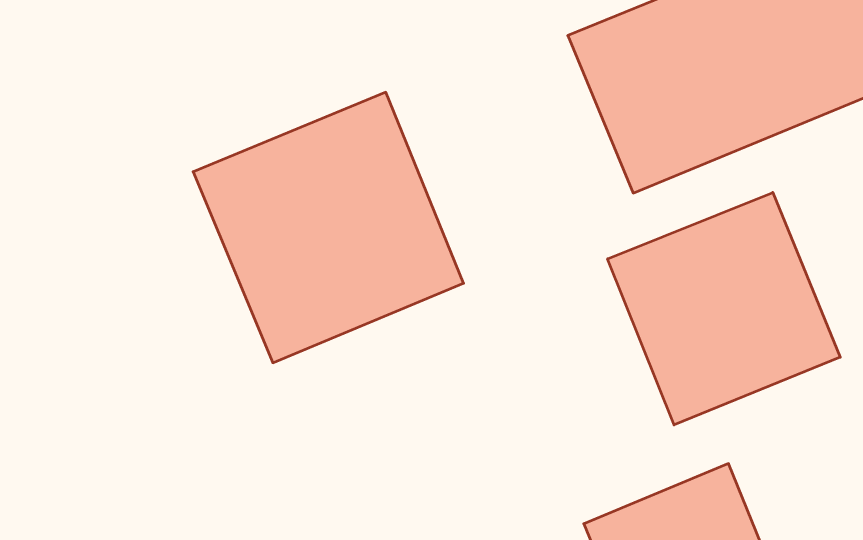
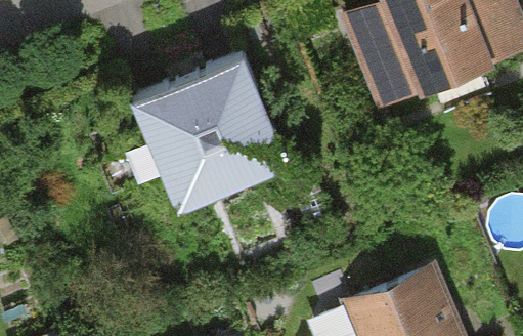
building: [608,192,840,425] -> none

